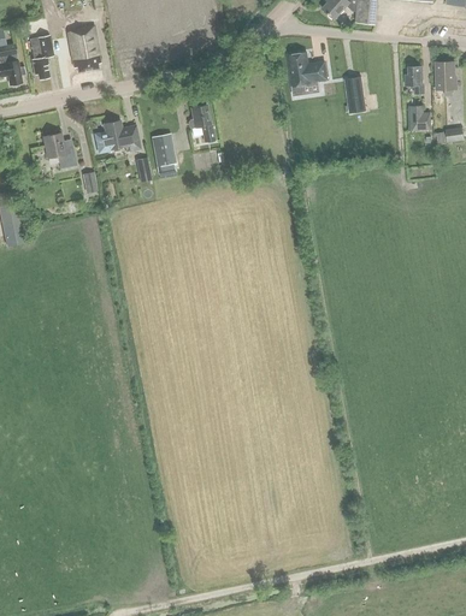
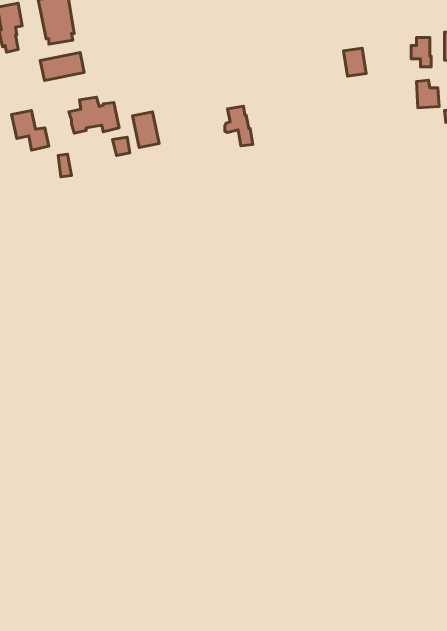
building: [287,52,326,85] -> none
building: none -> [40,52,84,80]
building: [189,103,214,140] -> [225,106,253,146]

